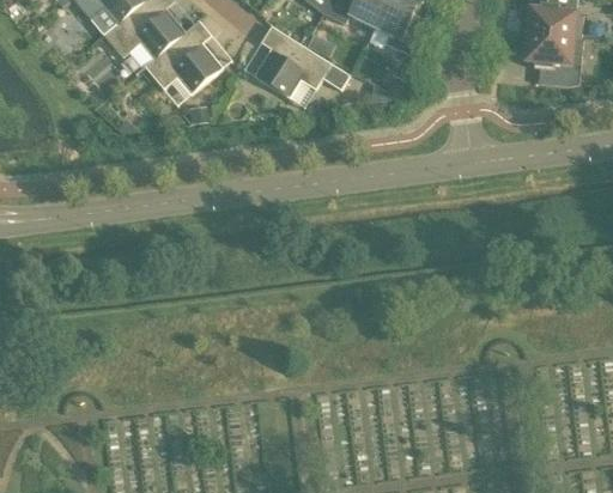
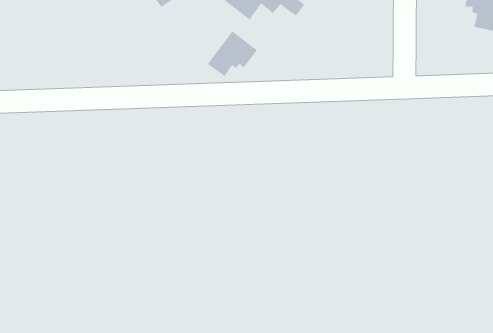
building: none -> [207,27,258,77]

